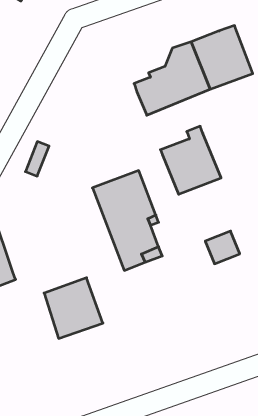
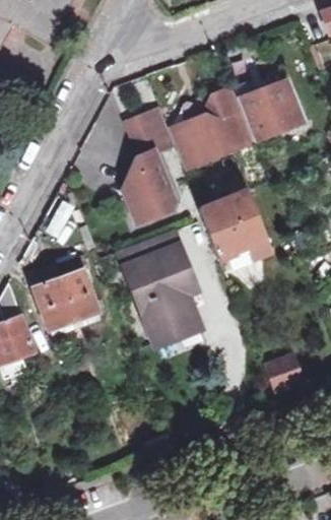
building: none -> [121,108,172,213]
building: [205,231,240,264] -> [261,354,300,391]
building: [44,278,103,338] -> [35,270,101,338]

